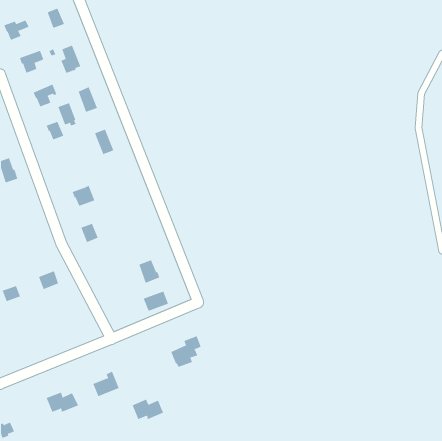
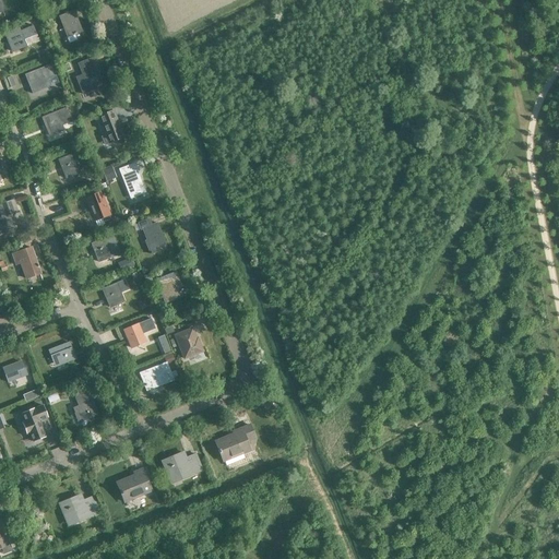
building: [58,103,77,126] -> [86,191,110,221]
building: none -> [139,218,165,253]
building: none -> [12,247,40,278]
building: none -> [156,271,183,300]
building: none -> [122,317,155,348]
building: [143,291,169,312] -> [140,362,173,389]
building: none -> [72,389,98,423]
building: none -> [20,405,45,441]
building: [132,399,164,420] -> [162,452,202,478]

